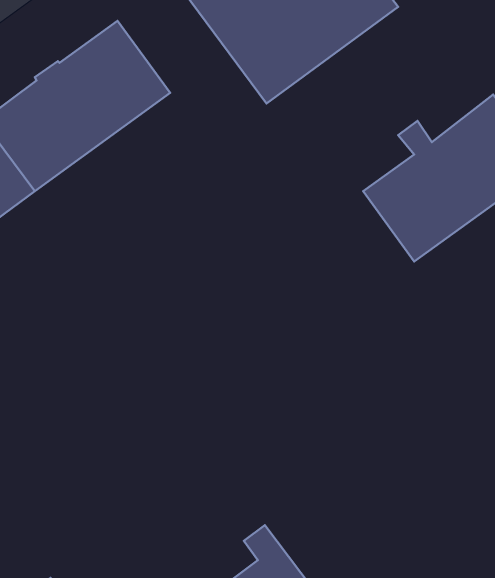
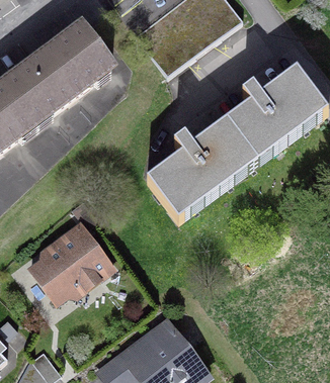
building: none -> [148,125,252,221]
building: none -> [30,222,112,300]

